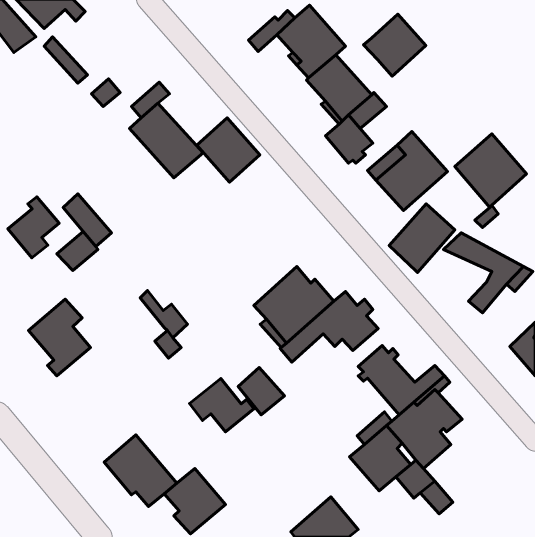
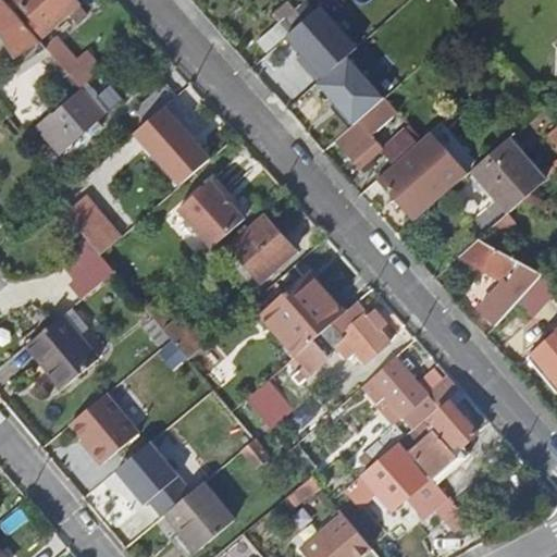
building: [363,14,426,76] -> none
building: none -> [37,89,104,153]
building: [197,118,260,182] -> [178,181,244,247]
building: [8,197,59,258] -> none
building: [389,204,455,273] -> none
building: none -> [231,216,294,281]
building: [190,378,254,432] -> none
building: none -> [69,394,138,463]

